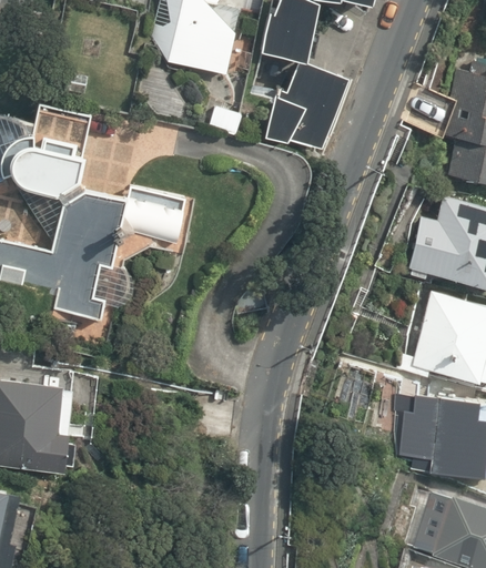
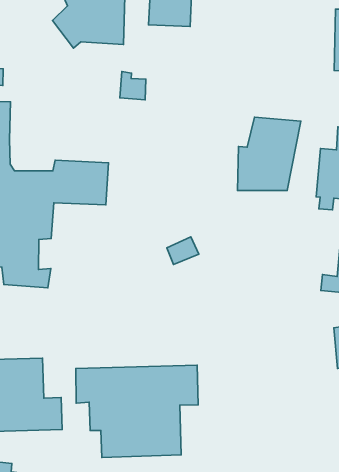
building: [263,65,343,150] -> [237,117,301,191]
building: none -> [76,365,198,457]

